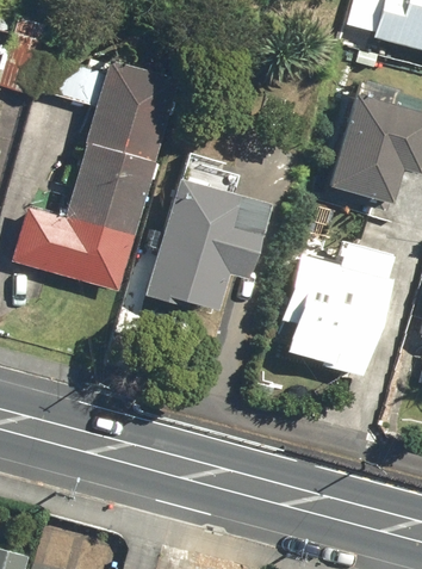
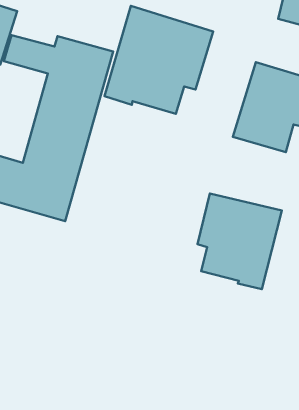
building: none -> [104,6,213,114]
building: [147,166,267,310] -> none

